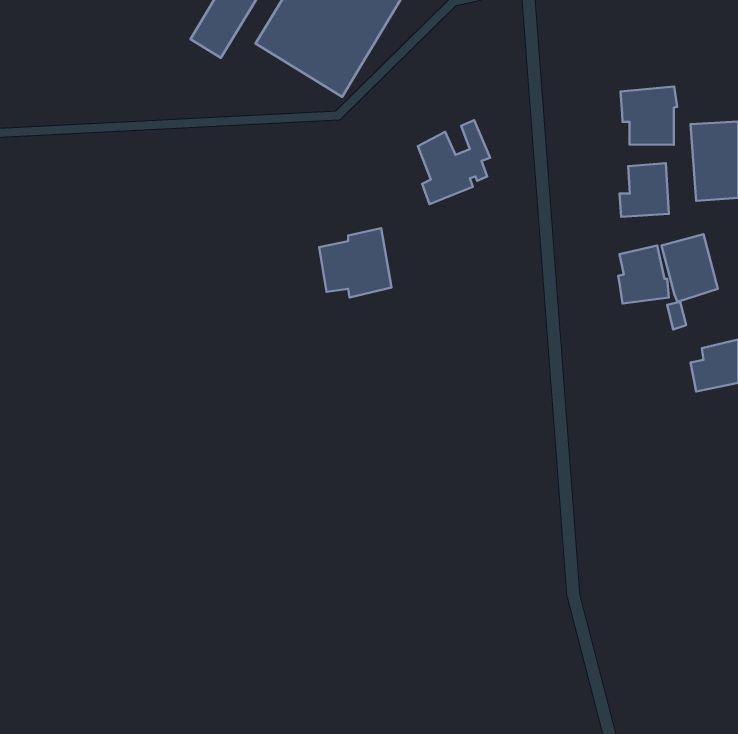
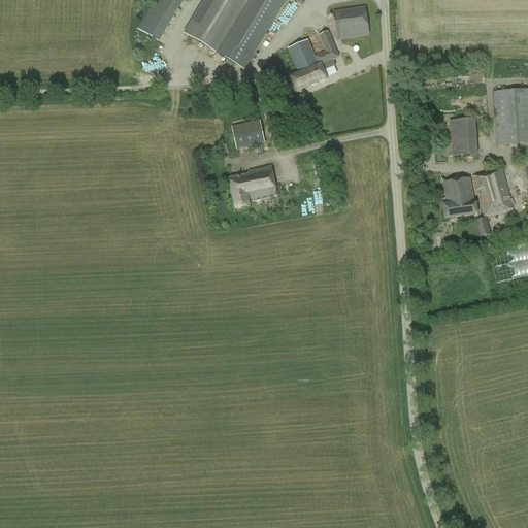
building: none -> [333,4,369,37]
building: [621,86,677,145] -> none
building: [418,120,490,204] -> [288,29,339,89]
building: none -> [232,119,265,147]

